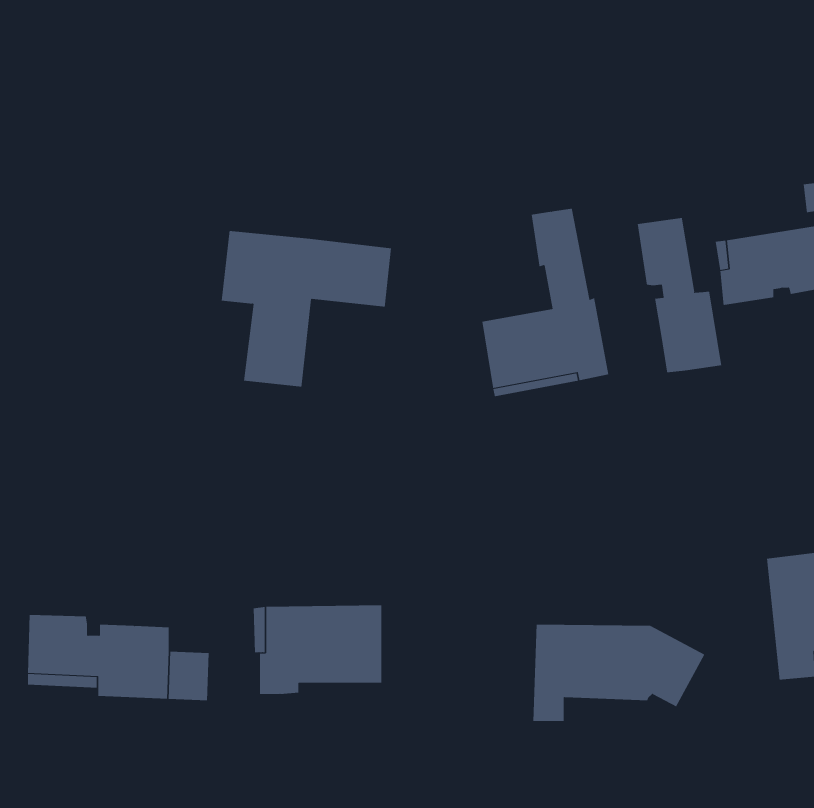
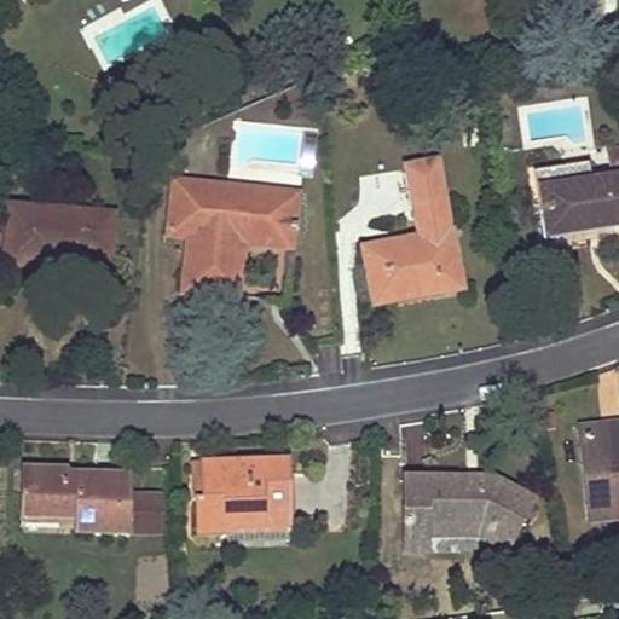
building: [637,217,722,373] -> none
building: none -> [7,201,116,262]
building: none -> [231,226,294,293]

